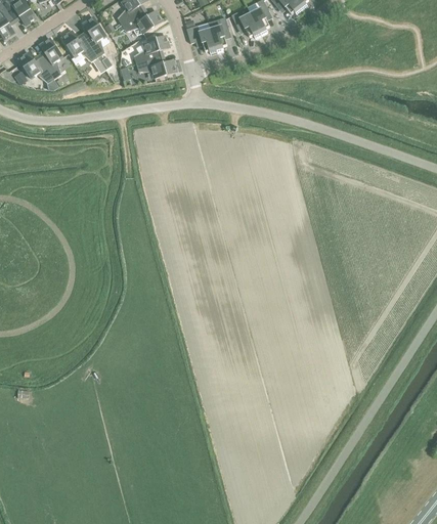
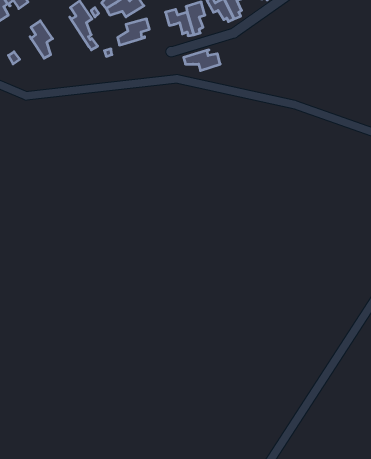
building: [61,30,102,69] -> none
building: [17,51,53,83] -> none
building: [135,55,175,78] -> [184,50,220,71]

